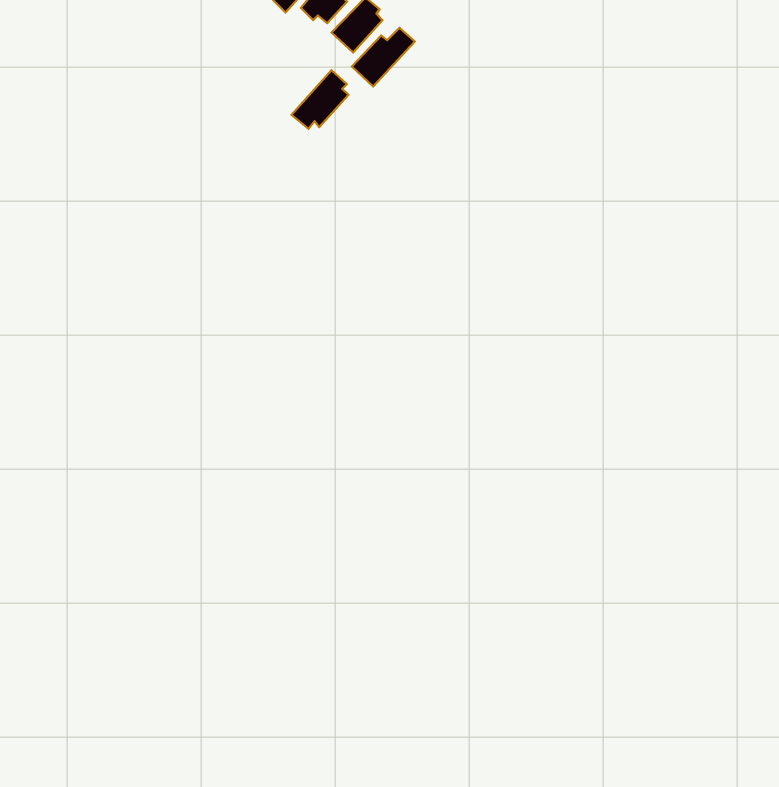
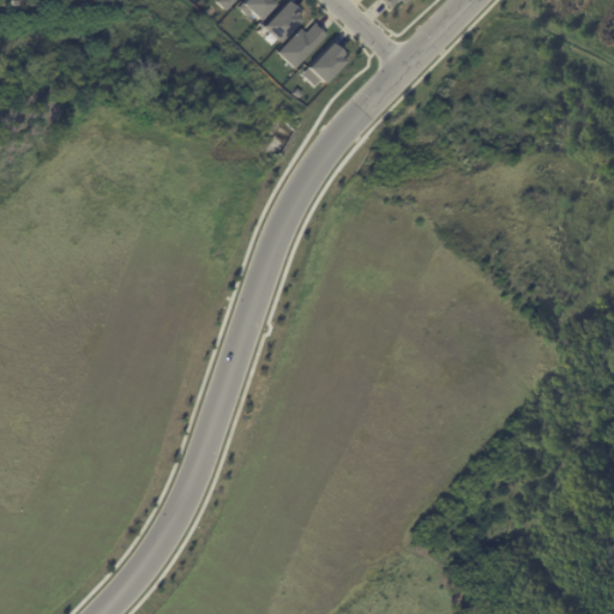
building: [291,70,348,129] -> [303,38,348,84]

